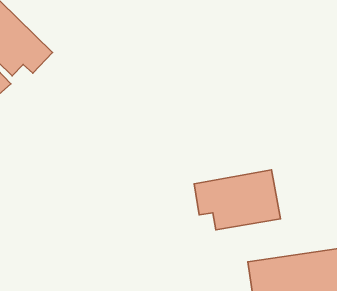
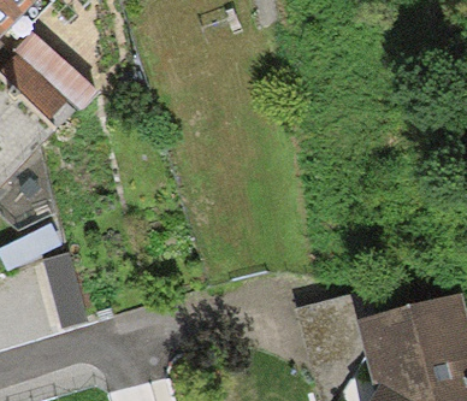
building: [194,170,281,230] -> none

